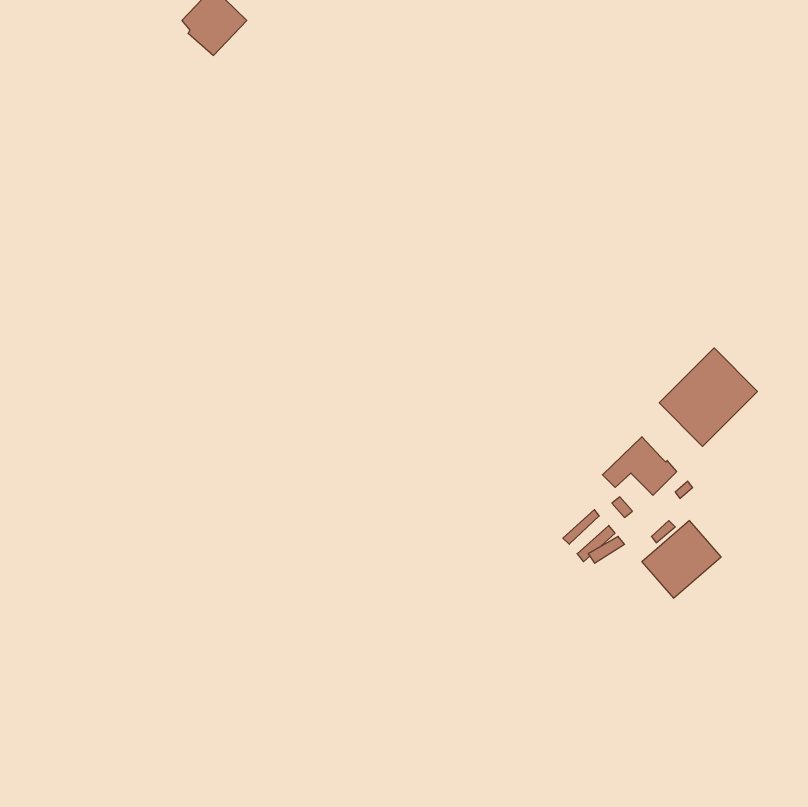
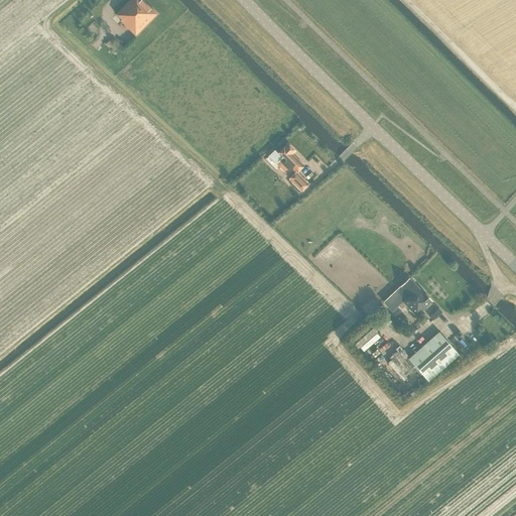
building: none -> [276,143,308,190]
building: [659,348,757,446] -> none

